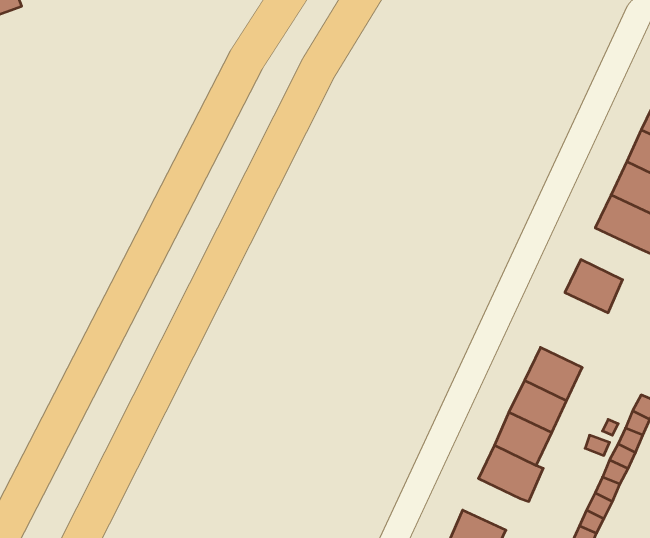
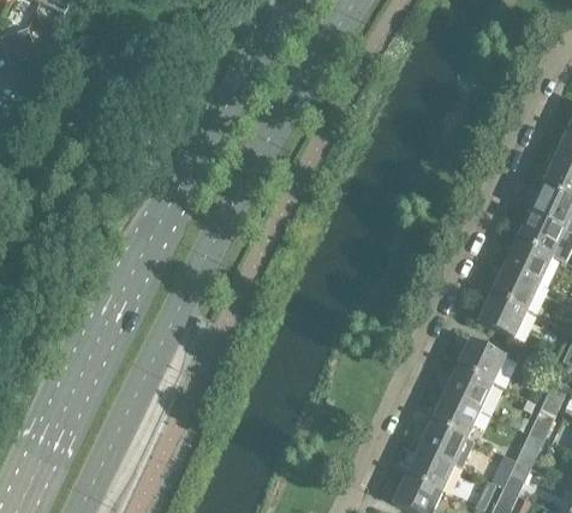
building: none -> [504,239,552,282]
building: none -> [477,293,526,338]
building: none -> [405,448,453,491]

